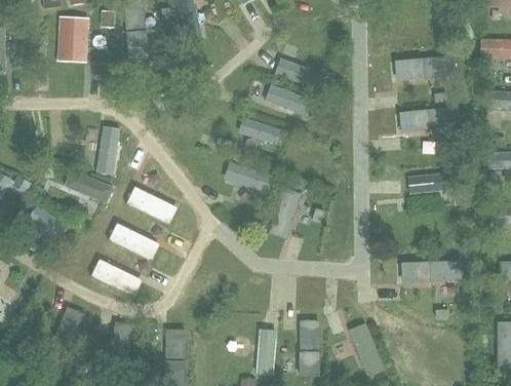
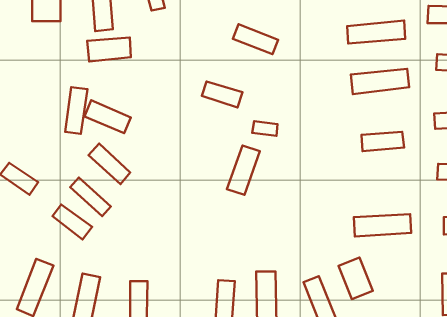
building: none -> [87,38,131,61]
building: [264,84,312,116] -> none
building: [224,161,273,193] -> none
building: [64,167,113,202] -> [84,100,131,133]
building: none -> [338,257,373,299]

